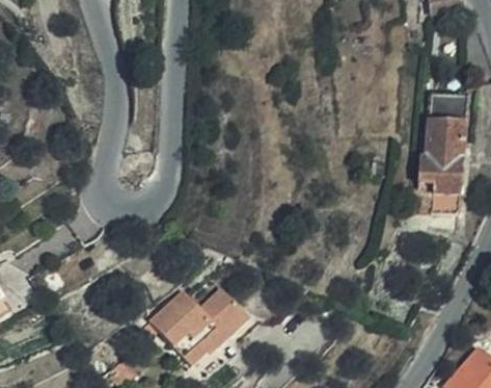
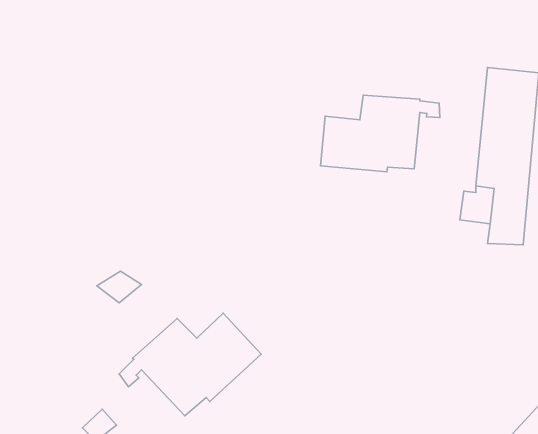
building: none -> [320,95,440,172]

